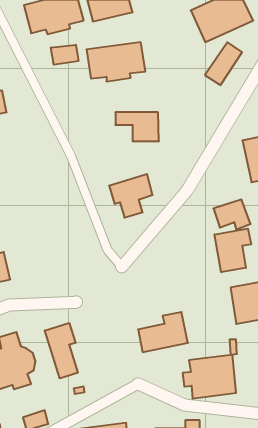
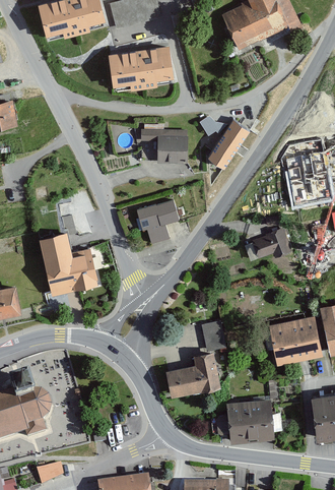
building: [205,42,242,85] -> [207,117,249,165]
building: [51,45,78,65] -> none
building: none -> [40,231,97,292]
building: [215,229,251,272] -> none
building: none -> [199,321,224,348]
building: [45,323,78,378] -> none

